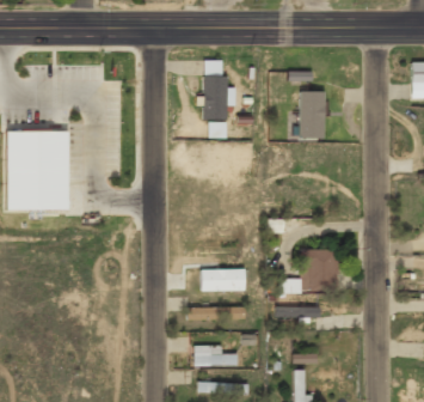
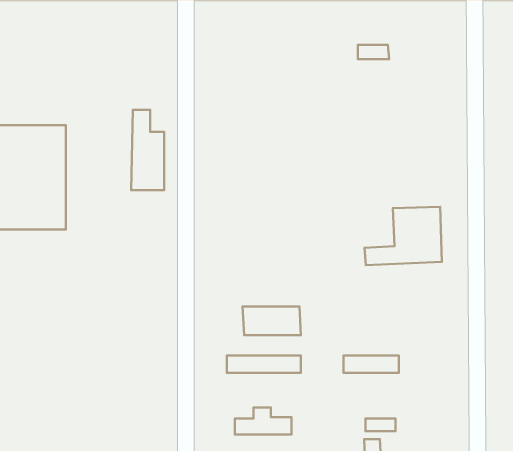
building: [203,59,228,120] -> [131,110,164,190]
building: [301,103,322,139] -> none
building: [279,249,338,293] -> [364,207,442,265]

